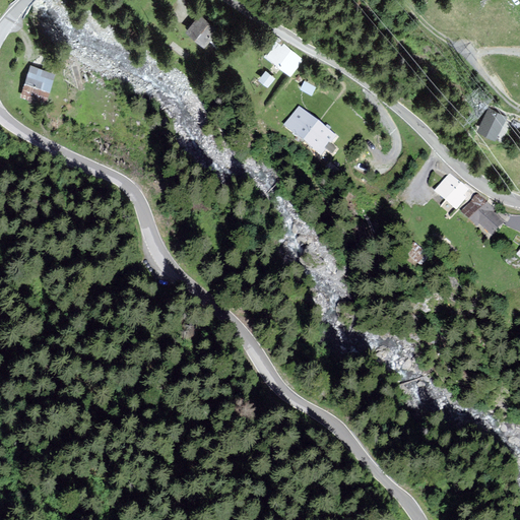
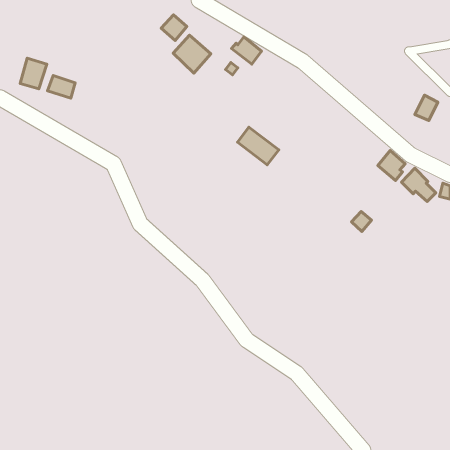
building: none -> [173,35,211,73]
building: none -> [47,75,75,98]
building: [286,108,334,151] -> [237,127,279,165]

